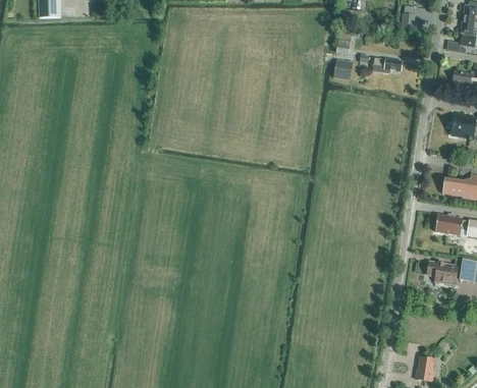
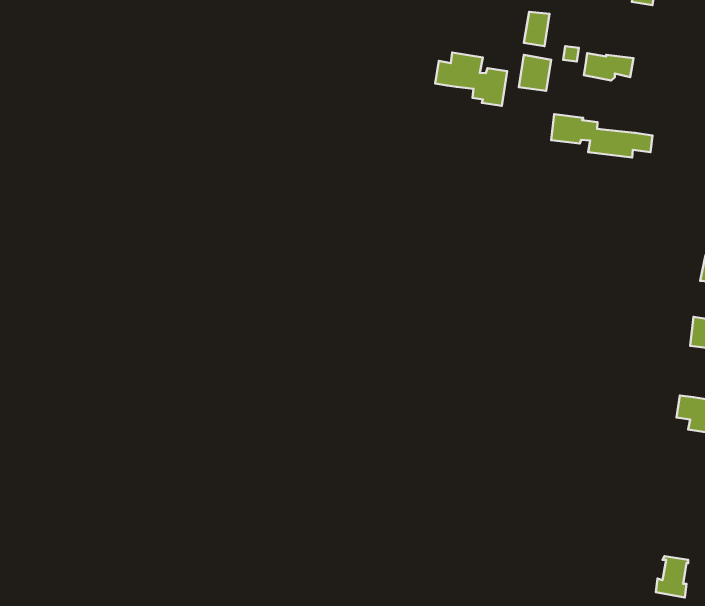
building: none -> [435,53,507,106]
building: none -> [551,114,653,158]

